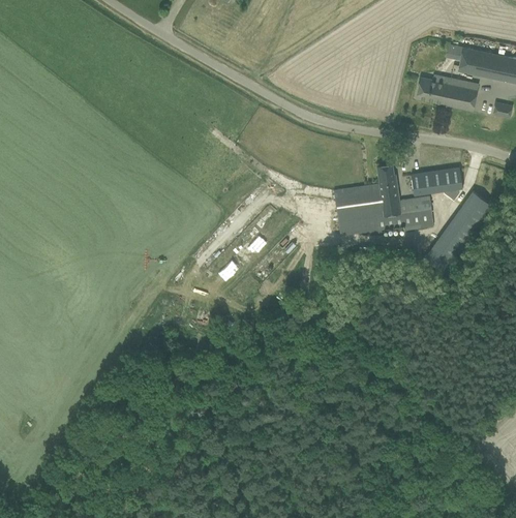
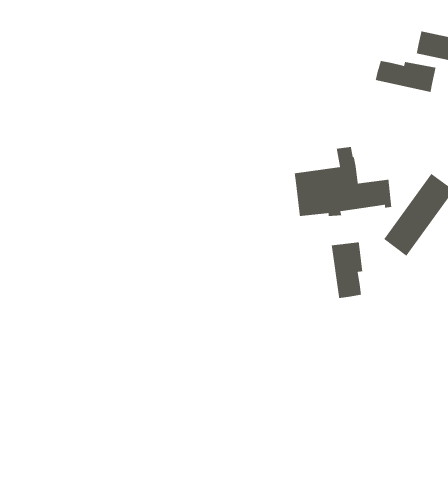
building: [411,167,462,201] -> none
building: none -> [331,241,363,299]

